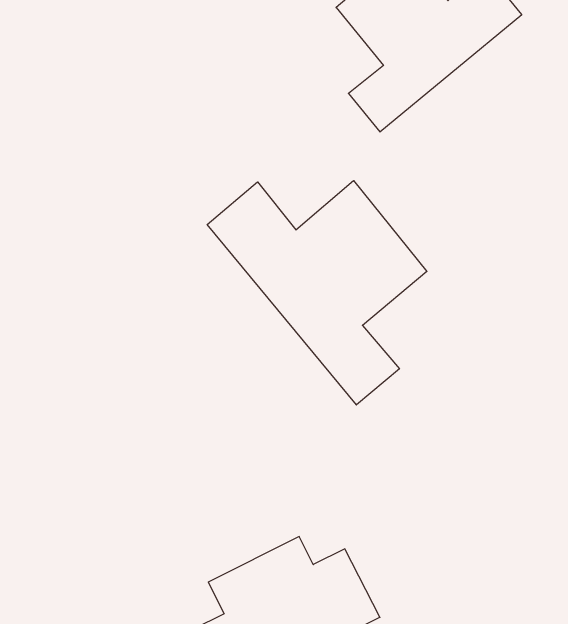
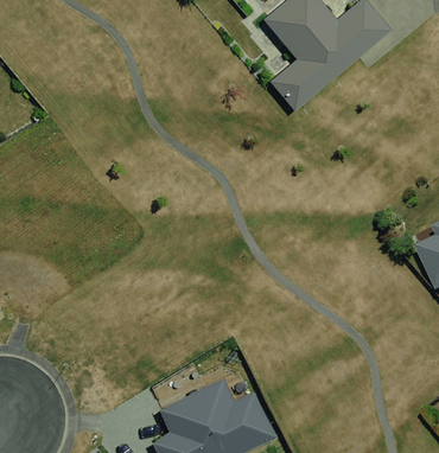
building: [207,181,427,405] -> none

